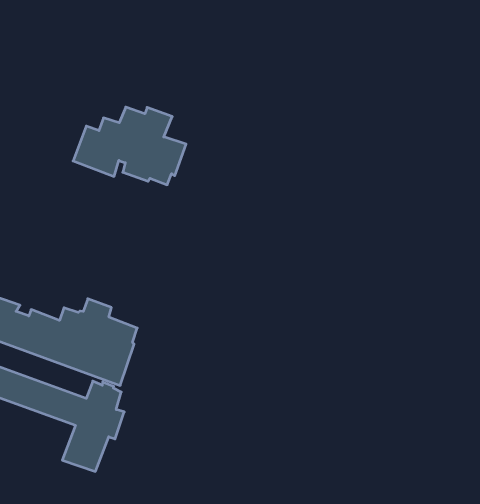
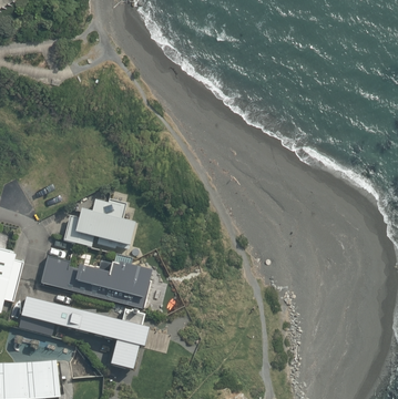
building: [73,107,186,185] -> [62,200,137,250]

